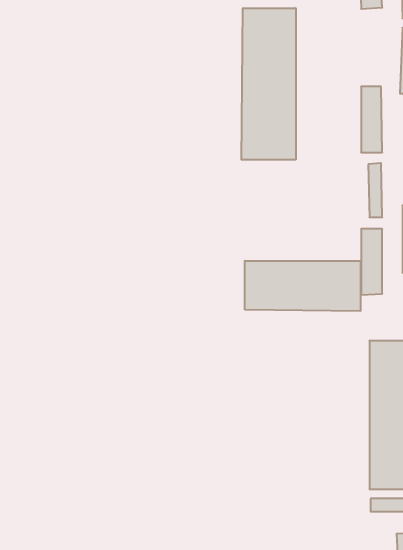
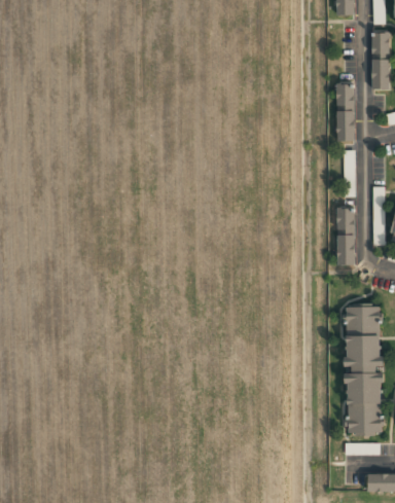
building: [241,8,296,160] -> none
building: [245,261,360,311] -> none

